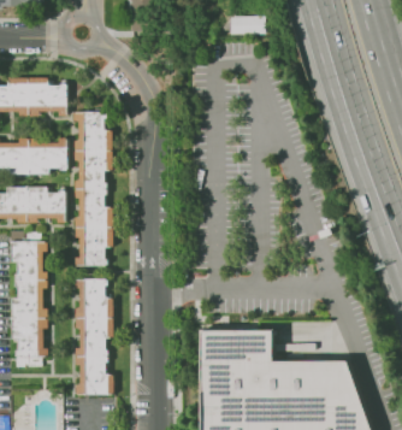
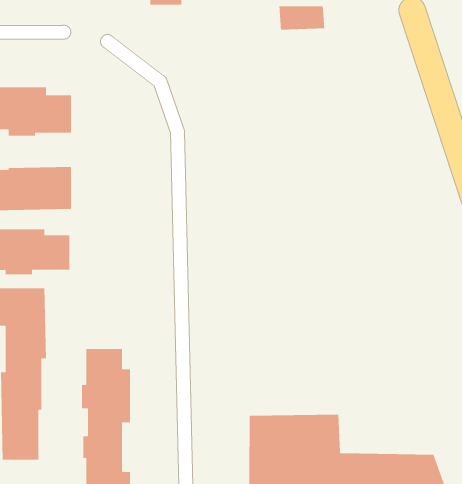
building: [75,111,113,266] -> none

